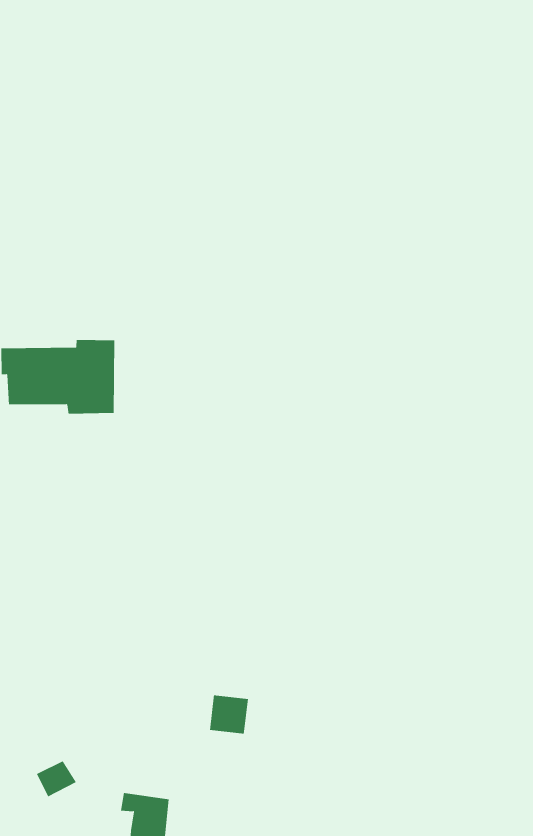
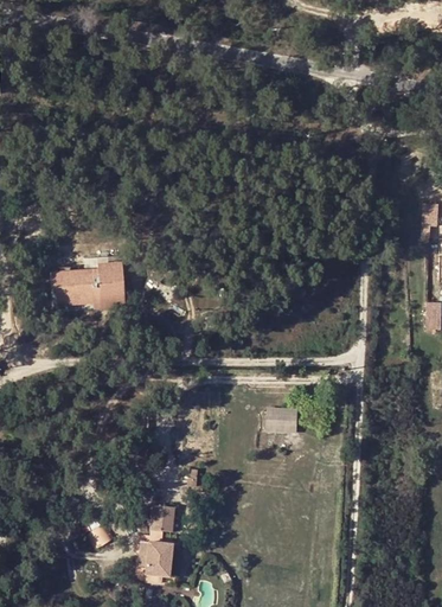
building: none -> [265,413,297,434]
building: [209,695,249,734] -> [150,509,174,532]

